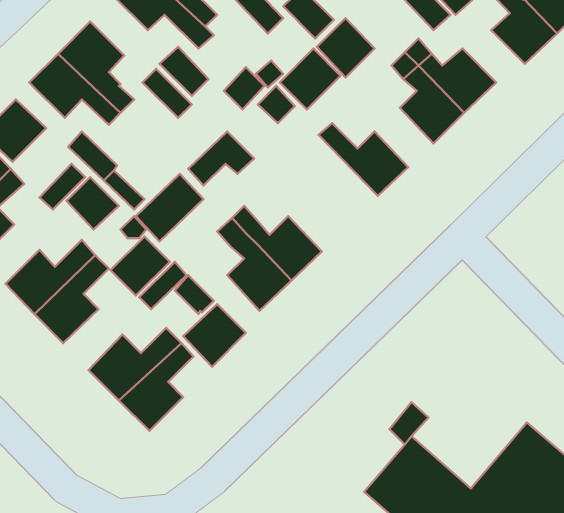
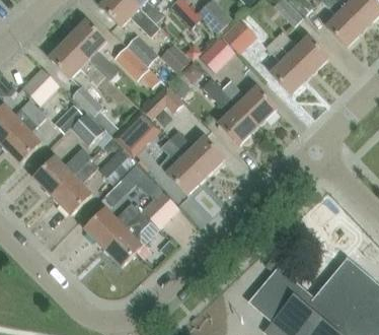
building: none -> [203,78,257,143]

